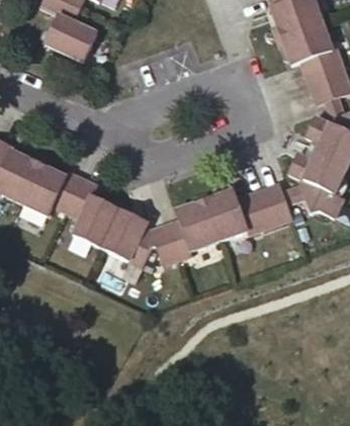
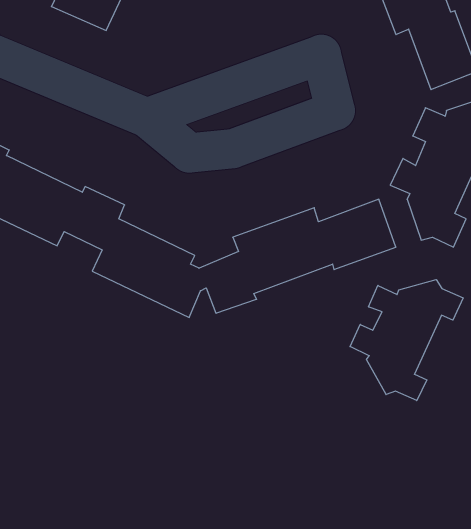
building: none -> [350,280,463,401]

